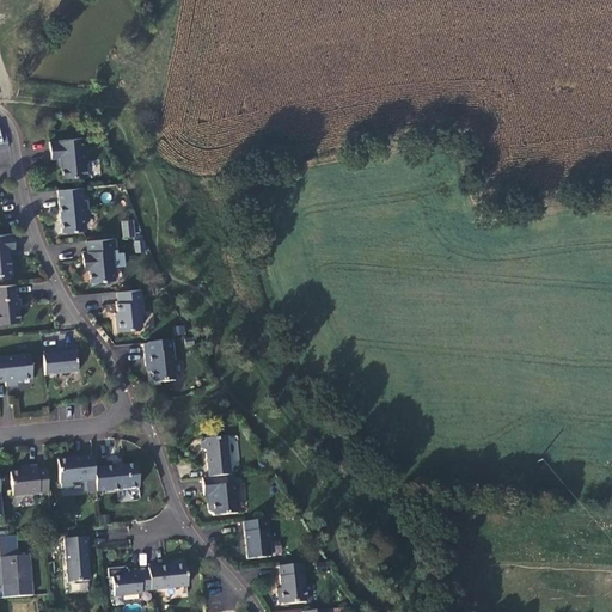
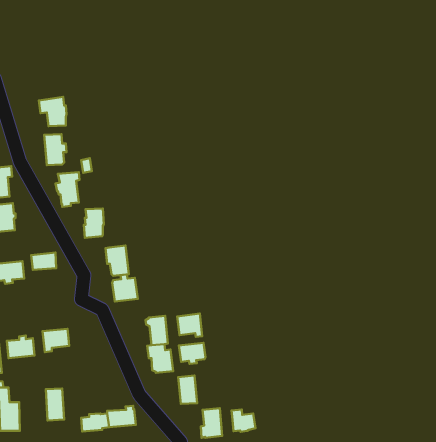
building: none -> [112,274,138,302]
building: none -> [177,313,202,337]
building: [94,463,139,490] -> none
building: none -> [179,343,206,364]
building: none -> [232,410,256,432]

